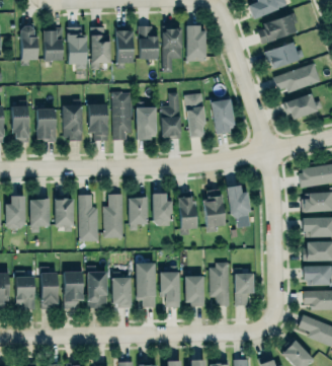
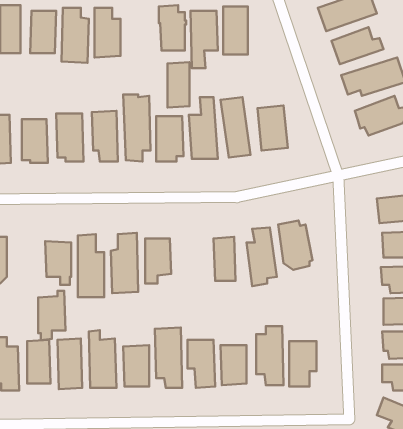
building: [116,30,133,64] -> [168,62,190,107]
building: [153,194,170,226] -> none
building: [30,197,51,233] -> [38,291,66,340]

